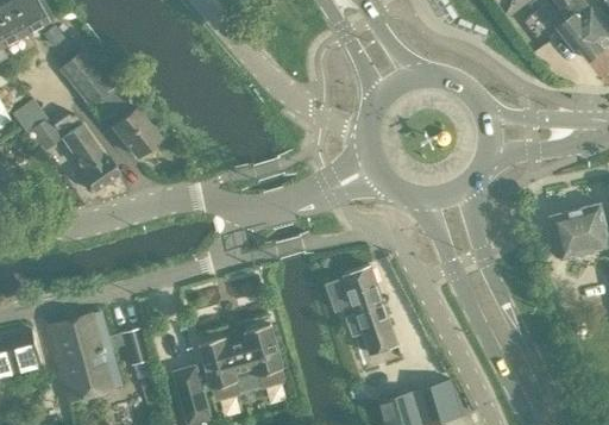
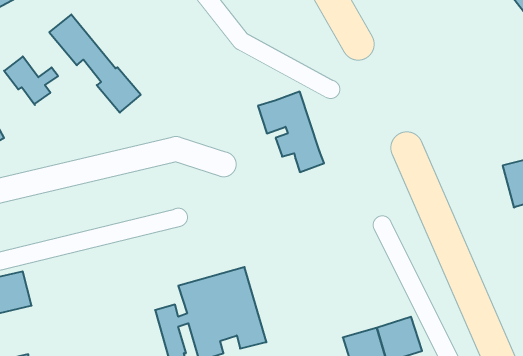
building: [61,125,119,192] -> none
building: [326,265,397,352] -> [258,92,324,172]
building: [46,312,155,401] -> none

